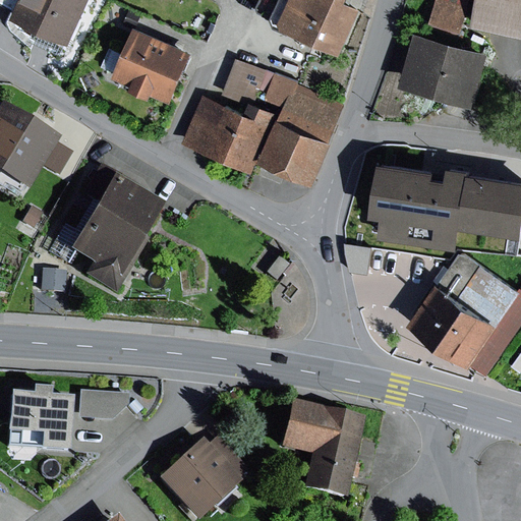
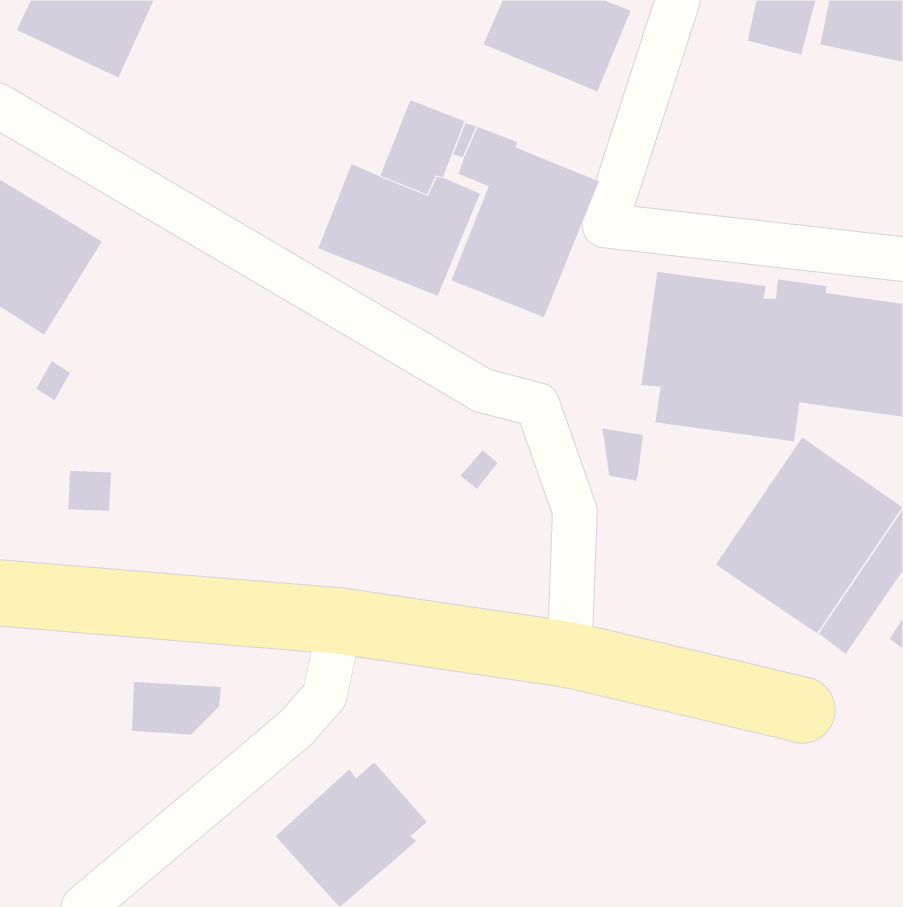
building: [111,26,191,102] -> none
building: [400,33,488,106] -> none
building: [67,168,162,294] -> none
building: [5,388,70,452] -> none
building: [278,401,363,500] -> none

